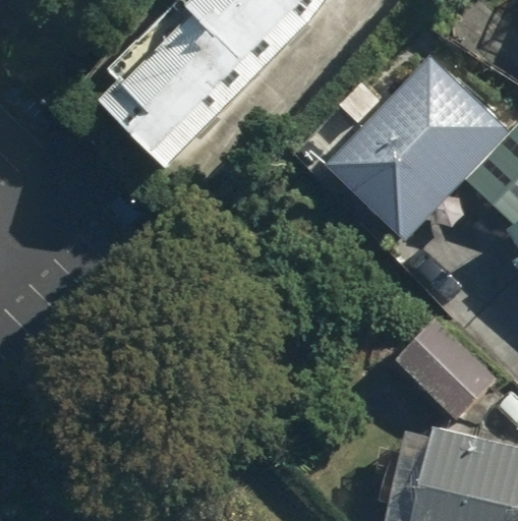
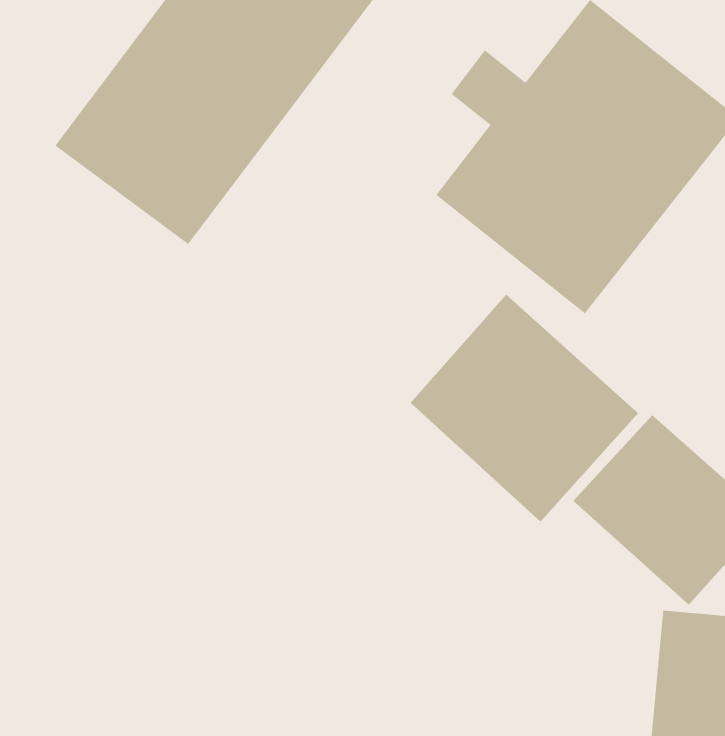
building: none -> [410,294,639,522]

